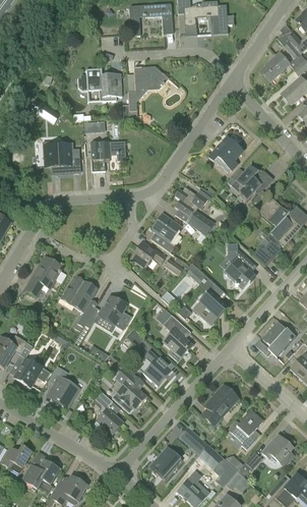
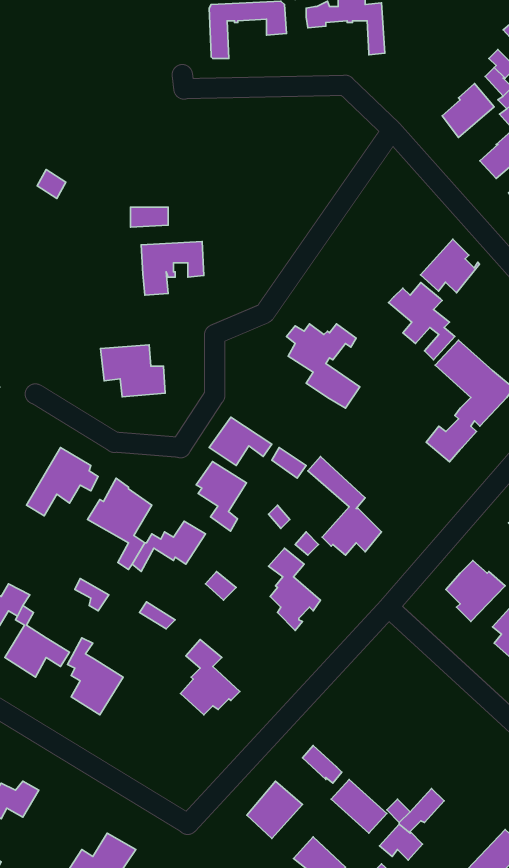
building: [128,66,170,112] -> none
building: [78,70,122,99] -> none
building: [207,136,241,167] -> [420,239,480,293]
building: [44,145,80,174] -> [101,345,165,397]
building: [151,213,180,252] -> [196,461,247,531]
building: [226,242,252,288] -> none
building: [143,350,170,385] -> none
building: [201,385,238,426] -> none
building: [93,392,123,436] -> none
building: [228,409,263,449] -> none
building: [262,435,295,466] -> none
building: [22,460,60,487] -> none

